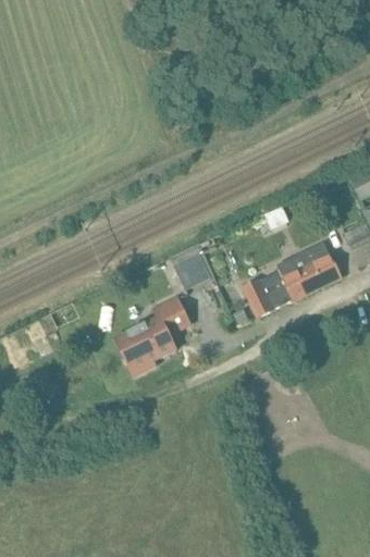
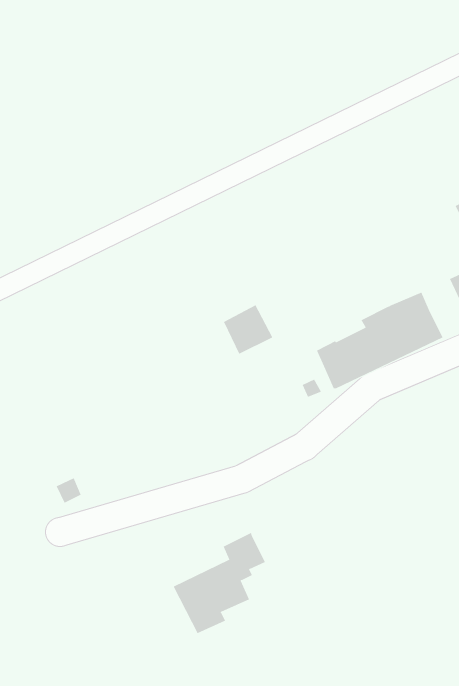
building: [116,297,187,374] -> [173,532,266,634]

